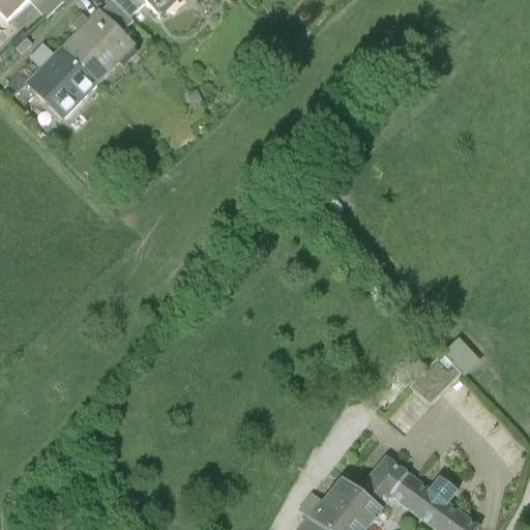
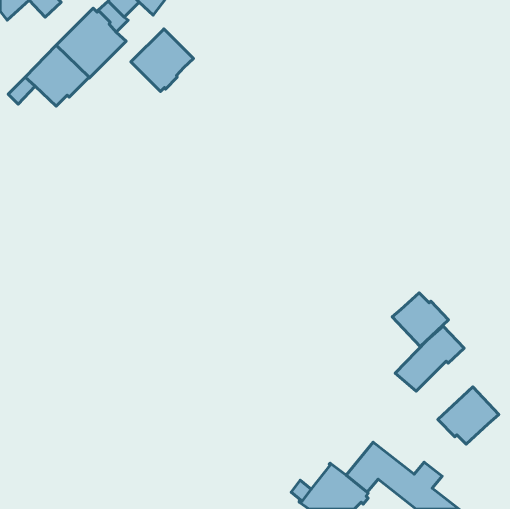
building: none -> [131,29,194,92]
building: none -> [392,293,449,347]
building: none -> [438,387,499,444]

